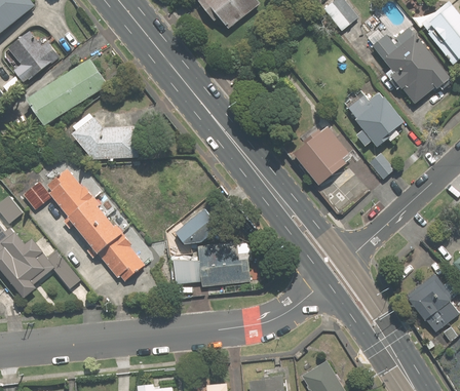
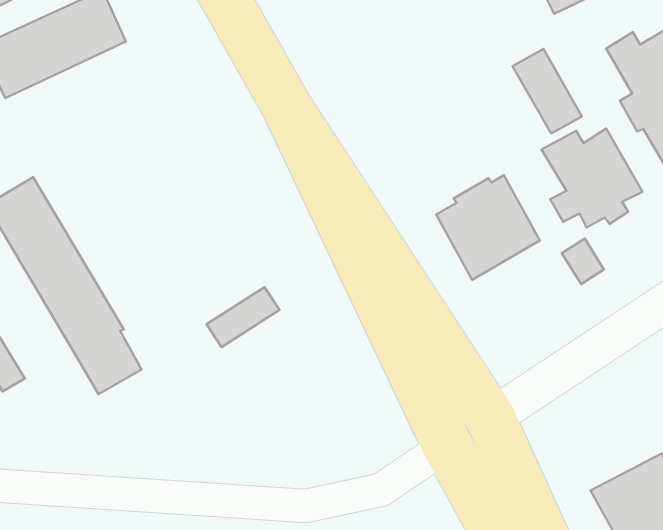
building: none -> [513,49,582,134]
building: [71,117,138,159] -> none
building: [171,242,250,286] -> none

